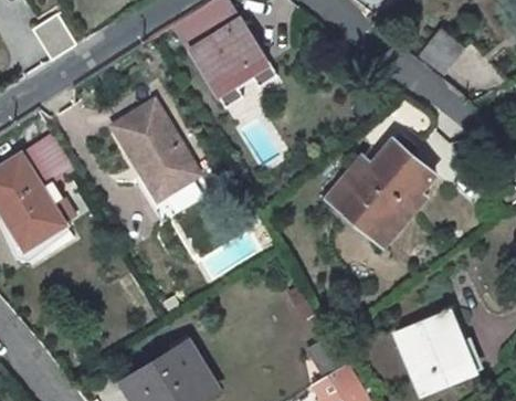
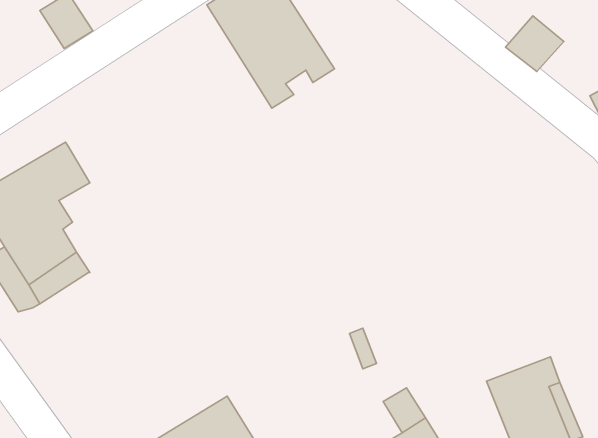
building: [113,103,210,219] -> none
building: [326,139,432,245] -> none

